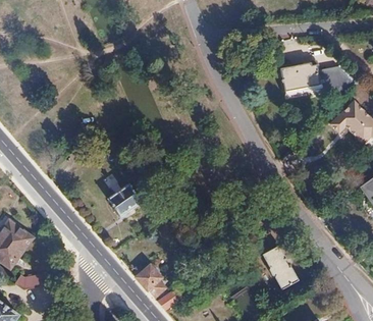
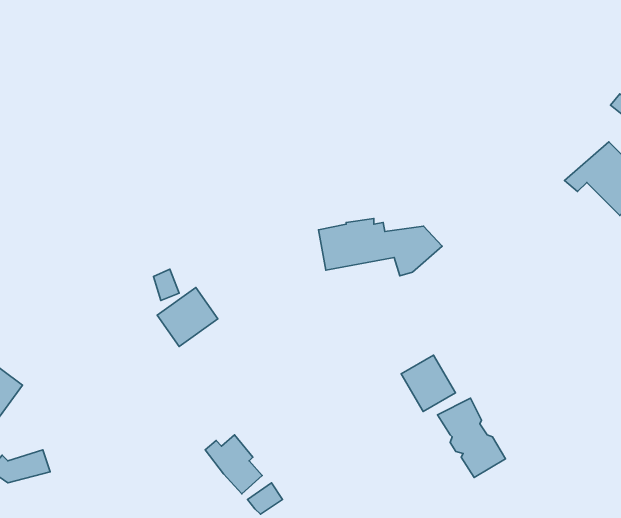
building: [281,61,350,93] -> [319,219,442,276]
building: none -> [401,355,456,412]

